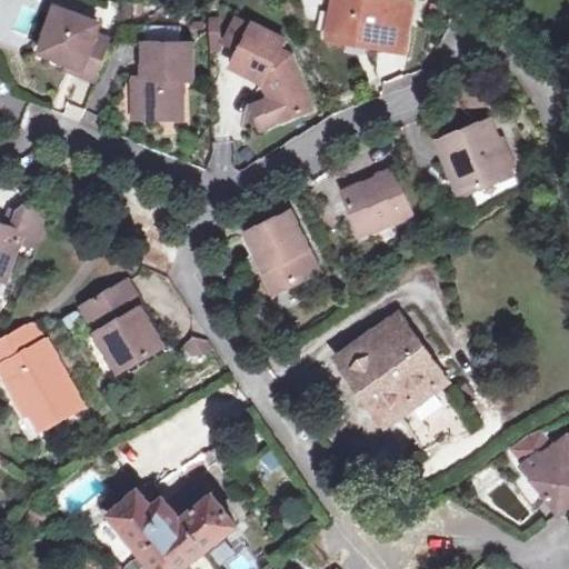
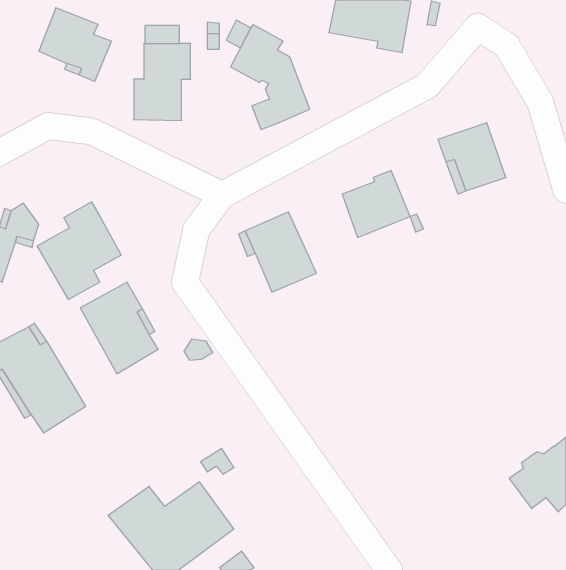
building: none -> [37,202,121,300]
building: [337,322,437,423] -> none

